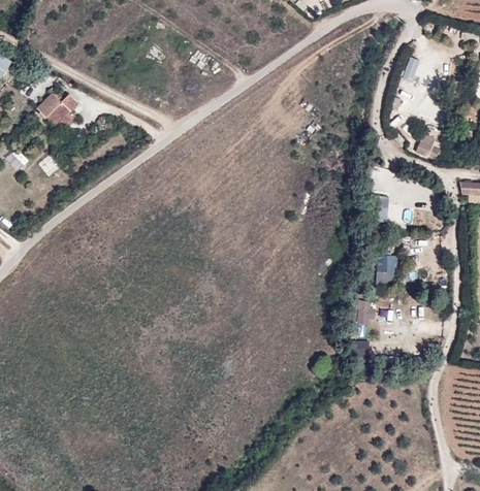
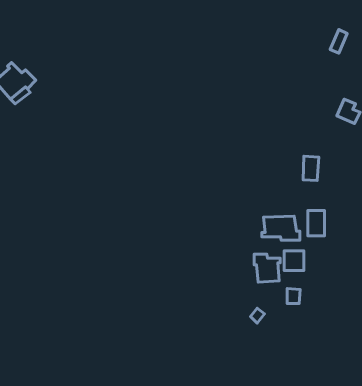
building: none -> [262,216,300,240]
building: none -> [254,254,280,282]

